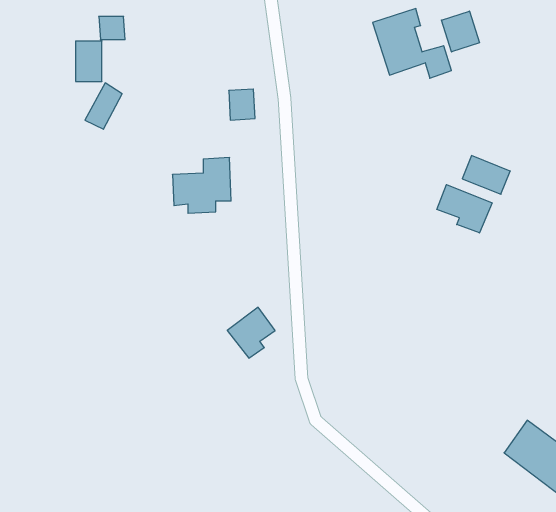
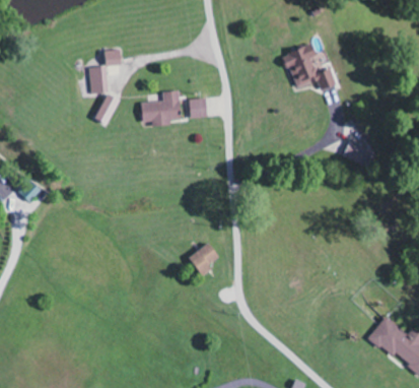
building: [441,11,480,52] -> none
building: [172,158,231,213] -> [141,90,180,127]
building: [437,185,492,233] -> none

